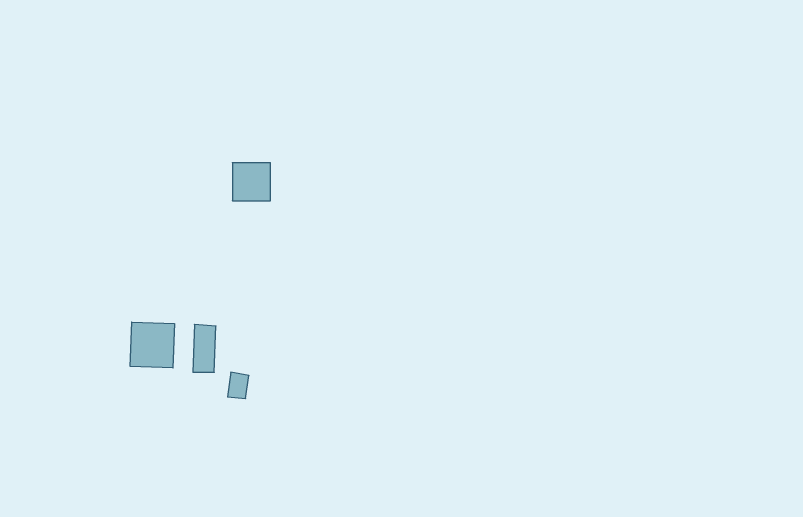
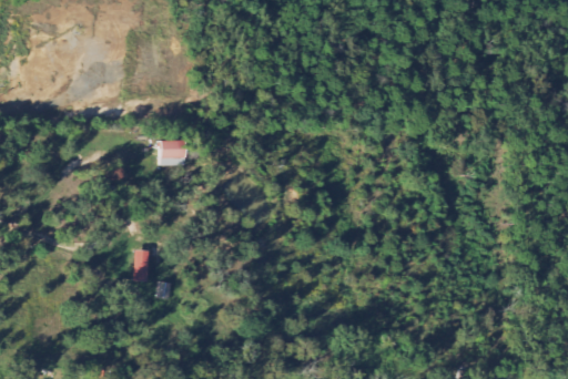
building: [130,322,174,368] -> none

